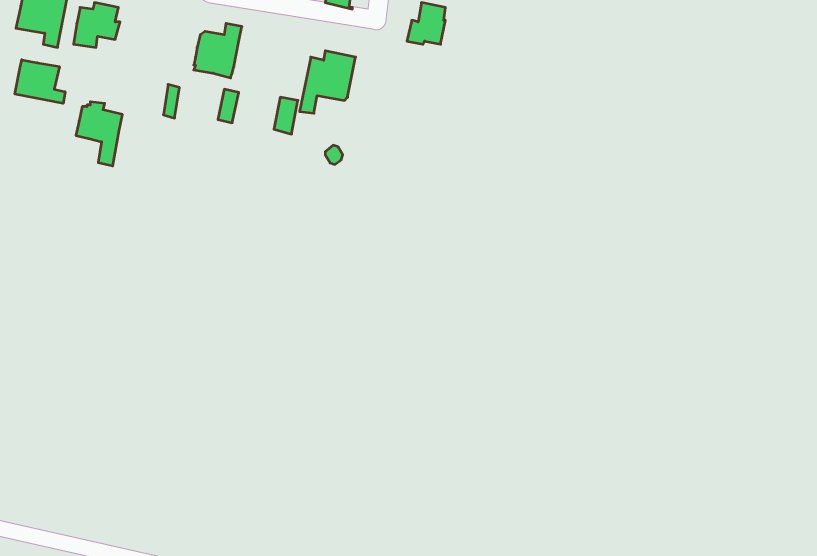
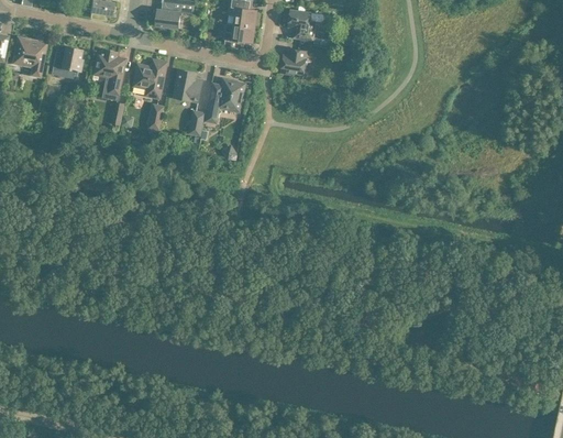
building: none -> [173,68,202,101]
building: [15,60,65,103] -> none
building: [76,102,122,166] -> [93,50,125,94]

